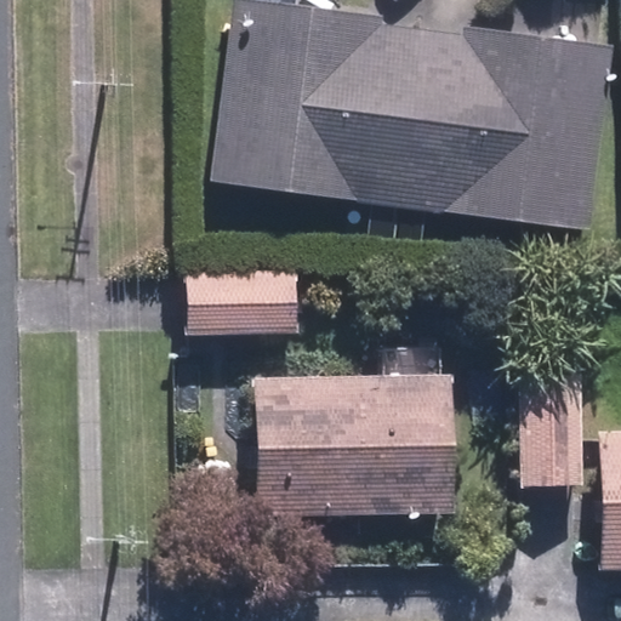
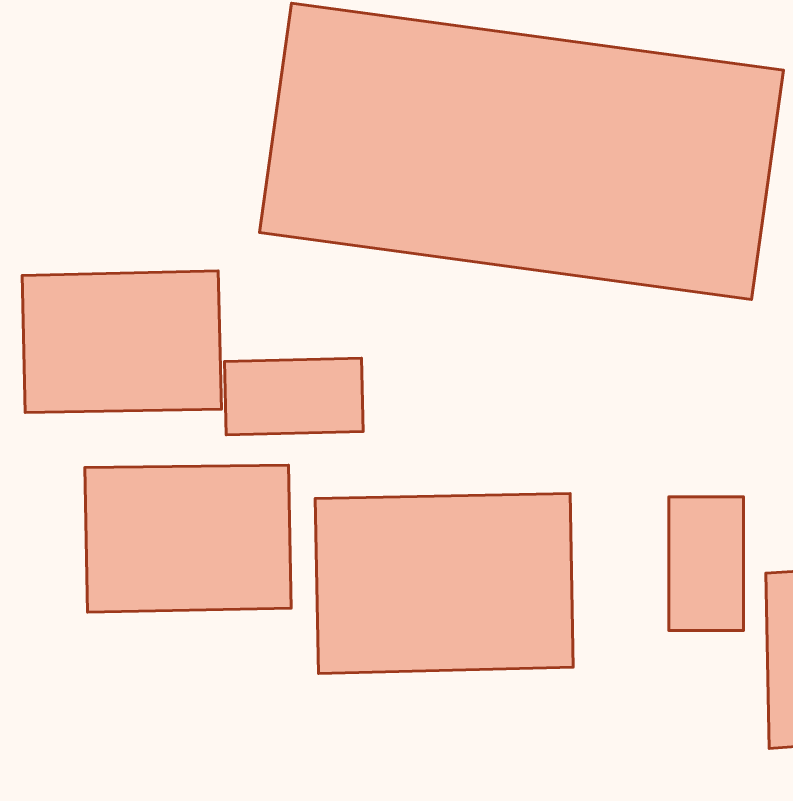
building: none -> [22,271,222,412]
building: none -> [85,465,291,612]

